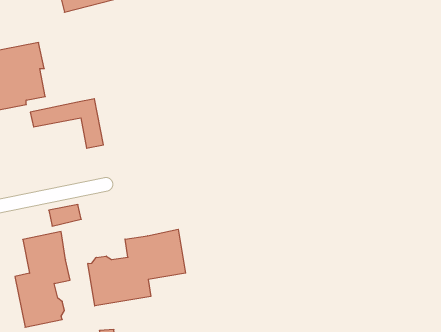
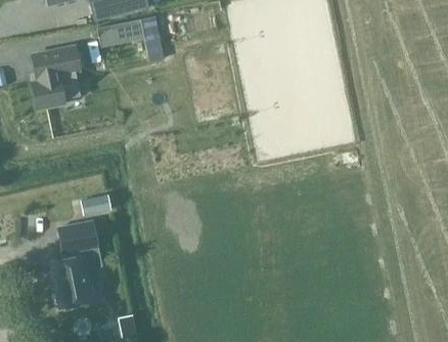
building: [30,99,103,148] -> [98,17,165,62]
building: [88,229,186,306] -> none

